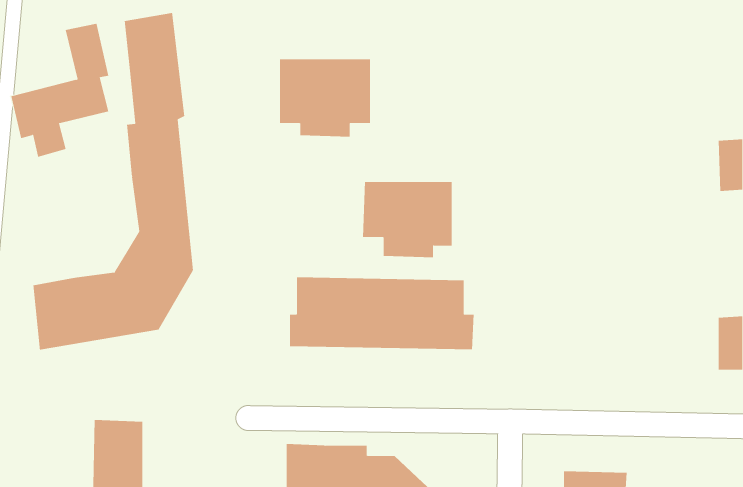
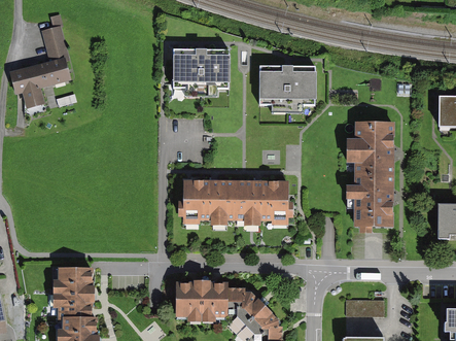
building: [33,12,193,351] -> none
building: none -> [350,122,394,228]
building: [362,181,452,258] -> [257,68,312,114]

